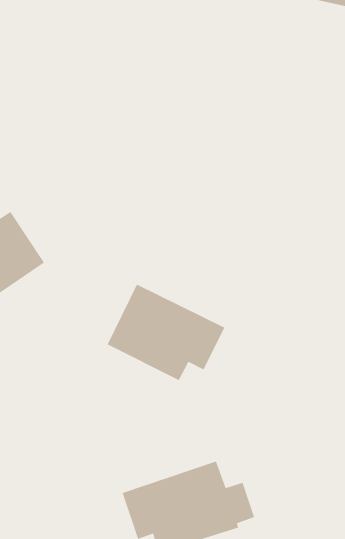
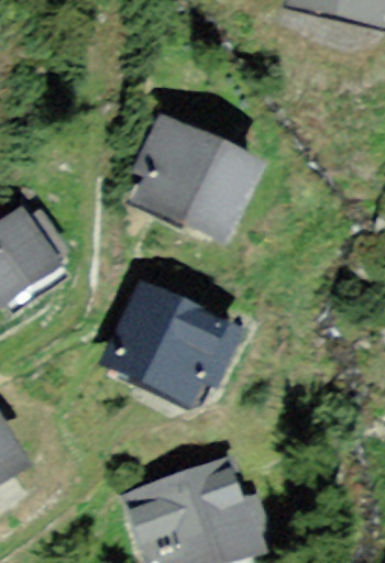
building: none -> [139,123,252,232]

